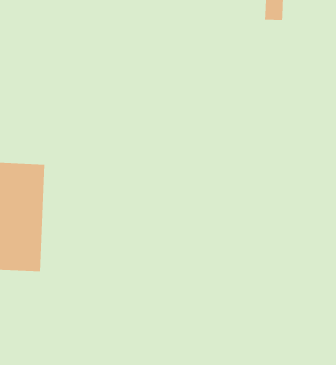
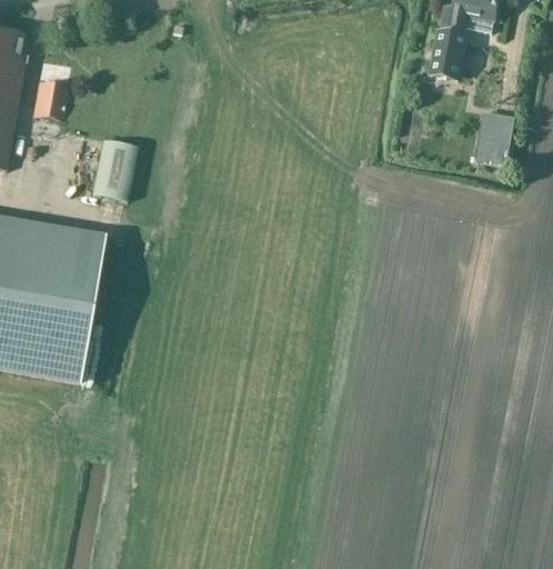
building: none -> [474,110,515,164]
building: none -> [92,140,140,202]

